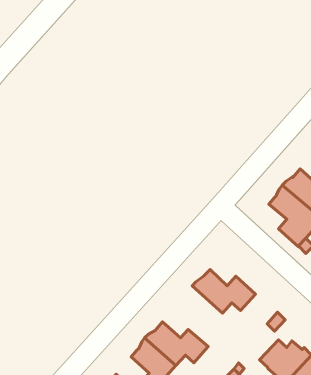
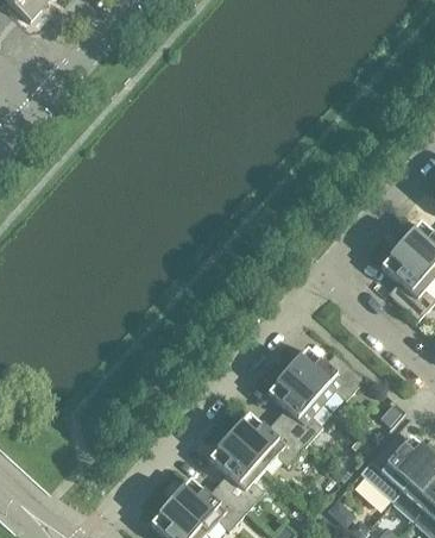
building: none -> [267,369,322,445]

